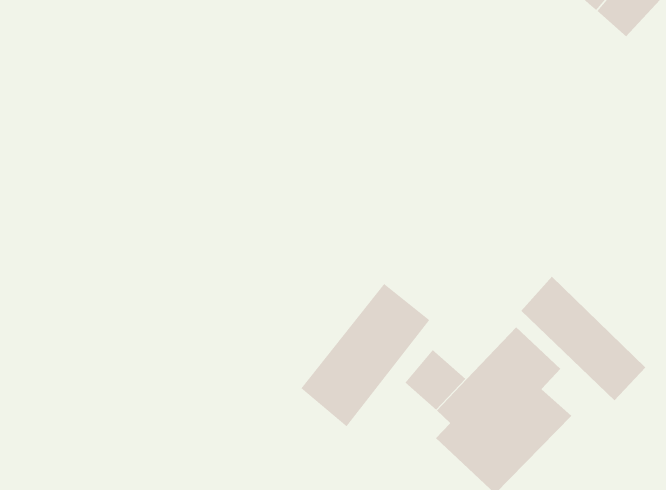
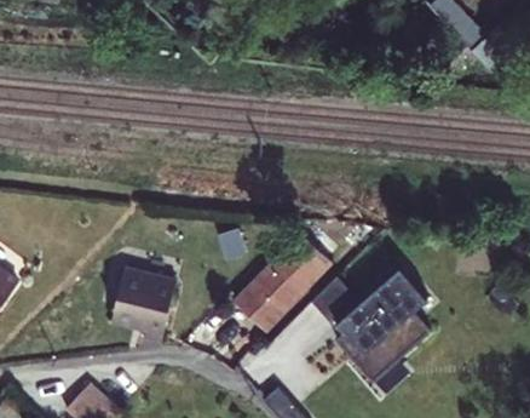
building: [520,276,646,401] -> none
building: none -> [109,271,174,347]

